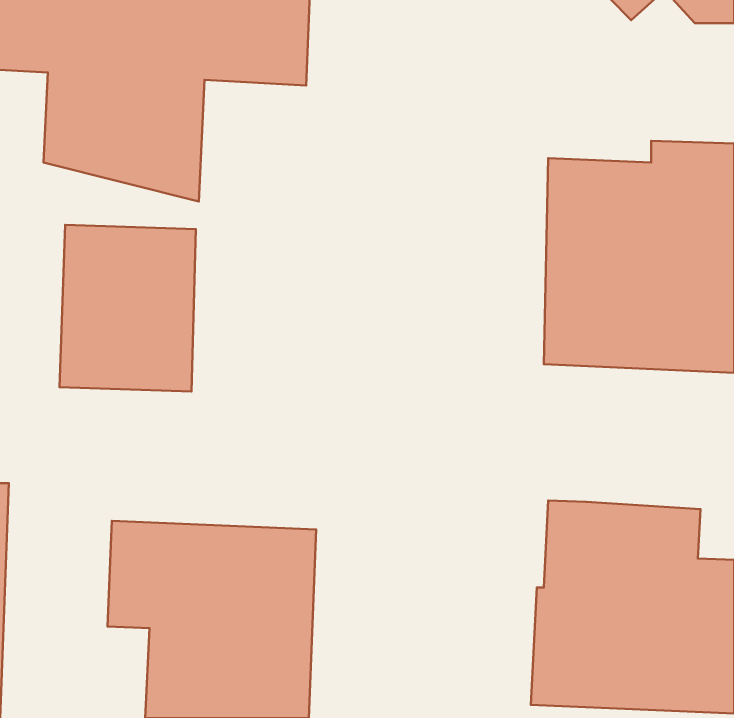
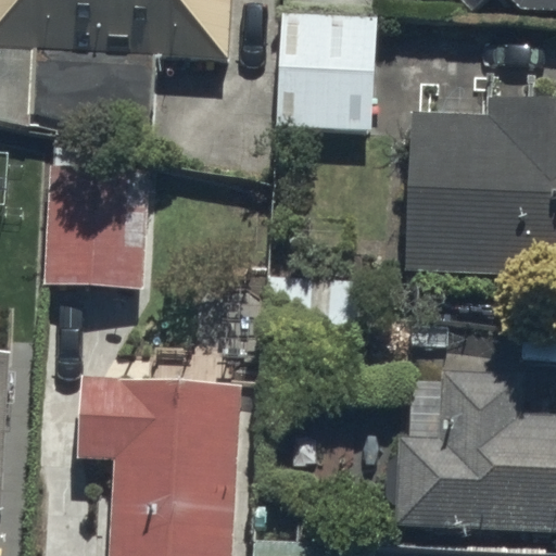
building: none -> [276,11,375,132]

